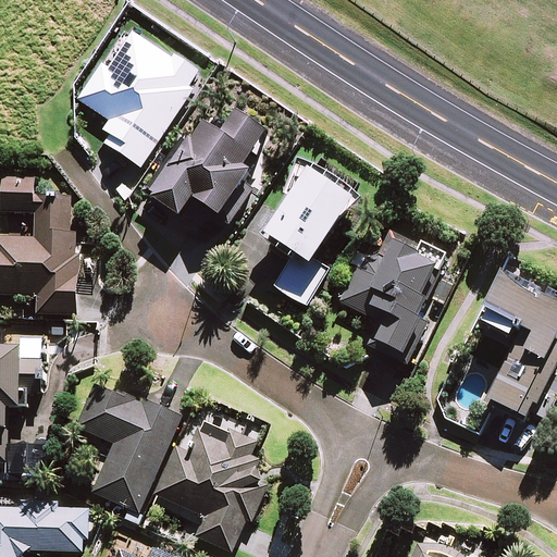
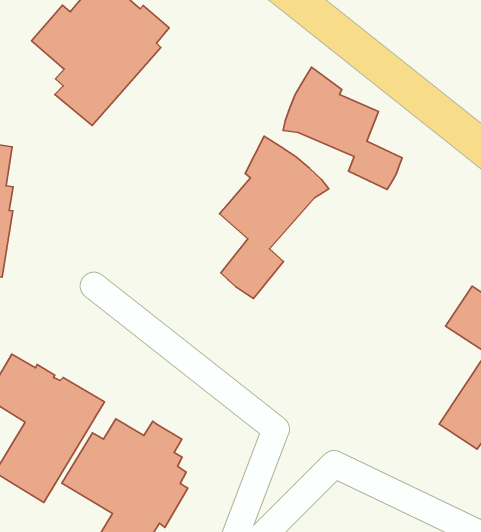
building: none -> [283,67,402,189]
building: [151,111,265,224] -> none
building: [336,230,445,364] -> none

